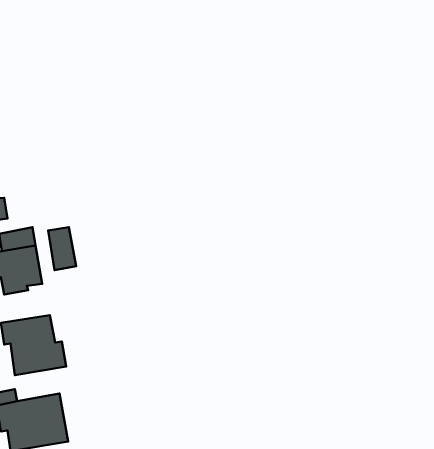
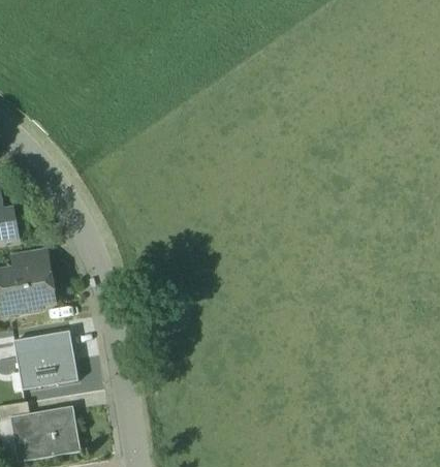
building: [48,227,76,270] -> none

